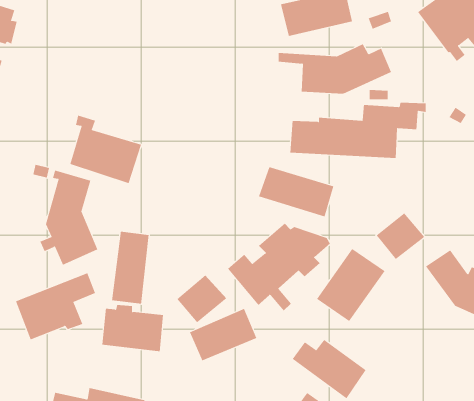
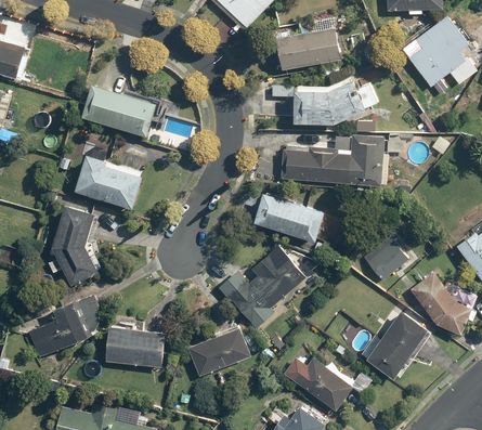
building: none -> [75,84,162,139]
building: [112,231,149,304] -> none
building: [316,248,385,322] -> [366,312,431,381]
building: [176,274,227,323] -> none

